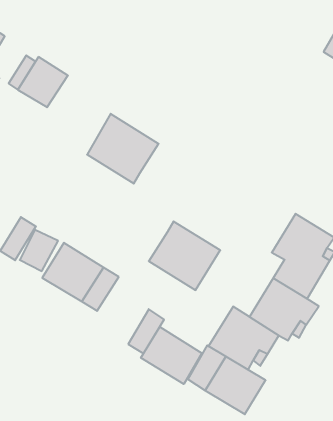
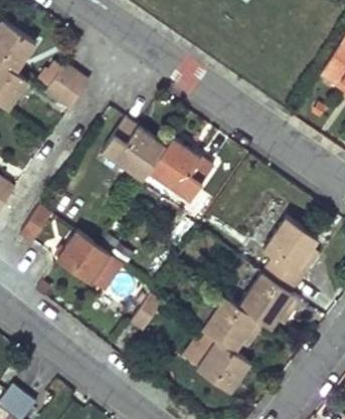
building: [149,221,220,290] -> [148,139,212,201]
building: [141,327,202,384] -> none

